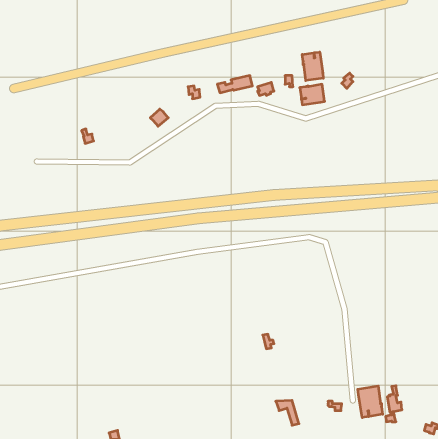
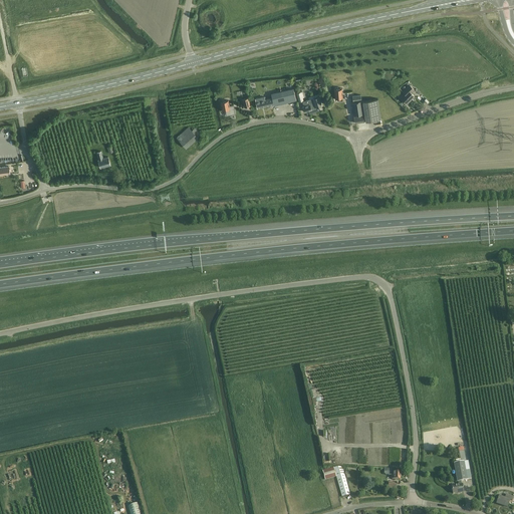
building: [302,52,323,81] -> none
building: [358,386,383,418] -> none

